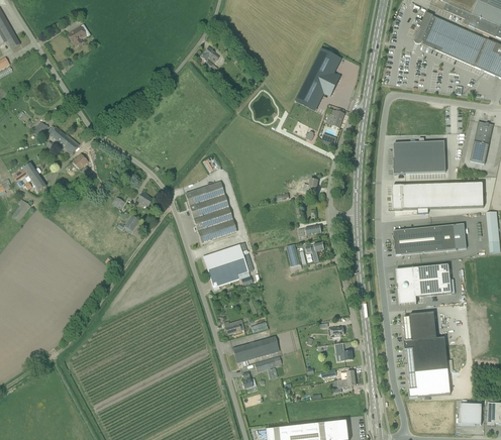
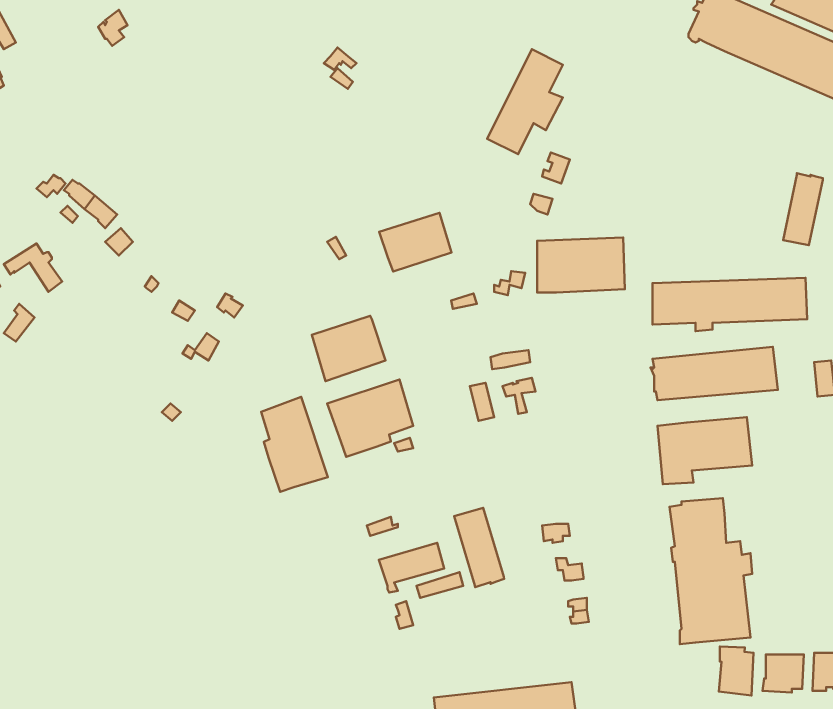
building: [394,140,445,173] -> [537,237,625,293]
building: [185,181,227,215] -> [379,213,452,271]
building: none -> [261,397,328,492]
building: none -> [454,508,504,587]
building: none -> [719,647,753,695]

